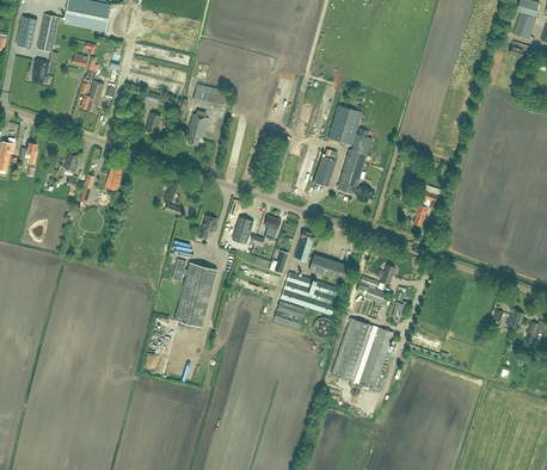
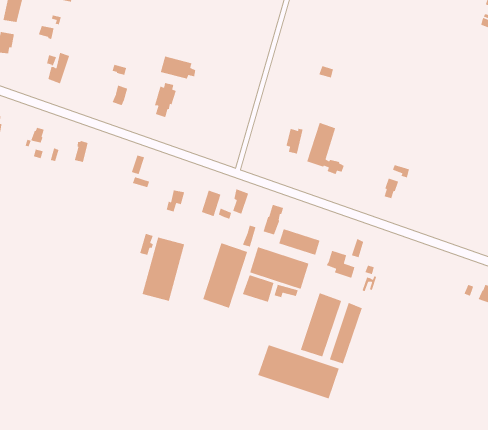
building: [327,105,361,144] -> none
building: none -> [202,242,248,309]
building: none -> [257,344,340,400]

